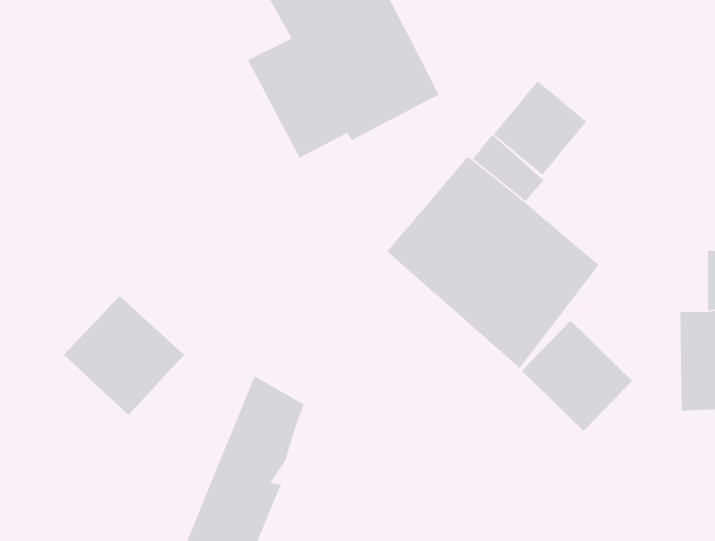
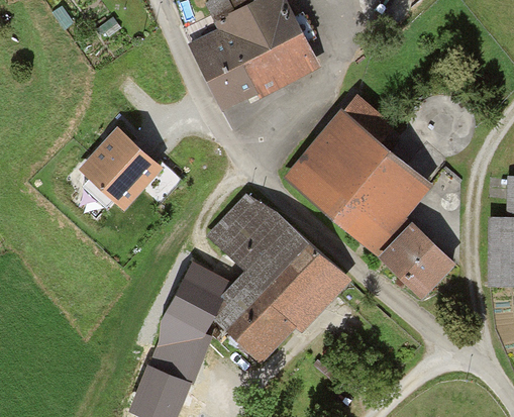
building: [493,80,587,176] -> none
building: none -> [205,193,351,364]
building: [63,295,185,416] -> [78,127,163,211]

